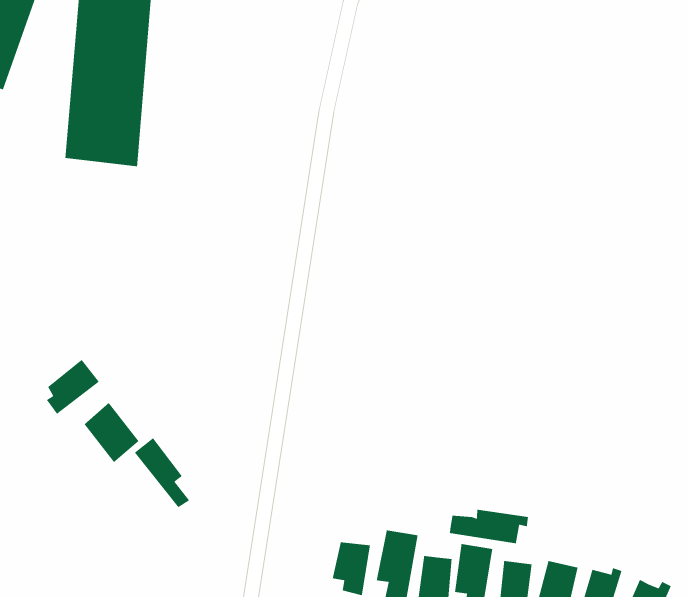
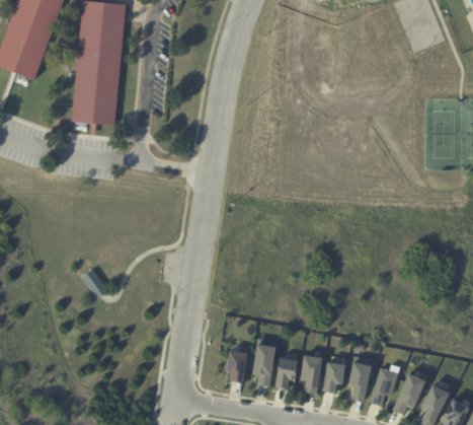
building: [46,359,100,415] -> none
building: [134,437,190,508] -> none
building: [448,509,529,544] -> none

